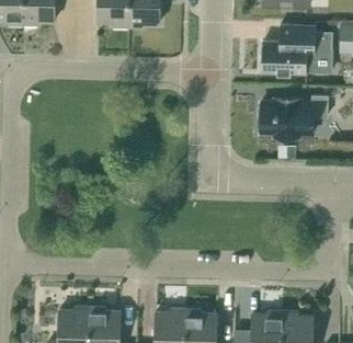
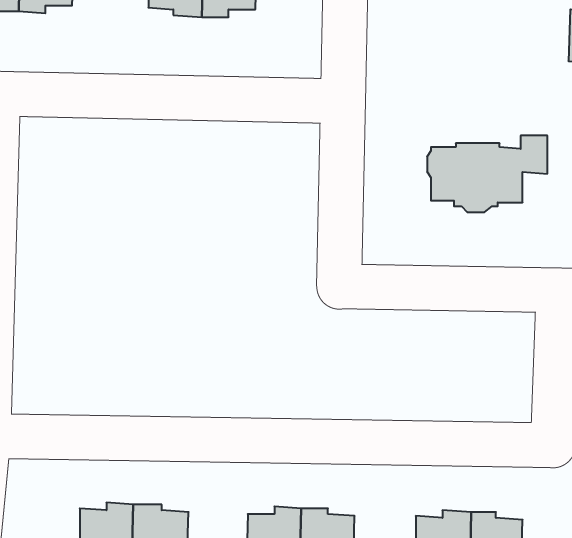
building: [262,25,333,73] -> none

